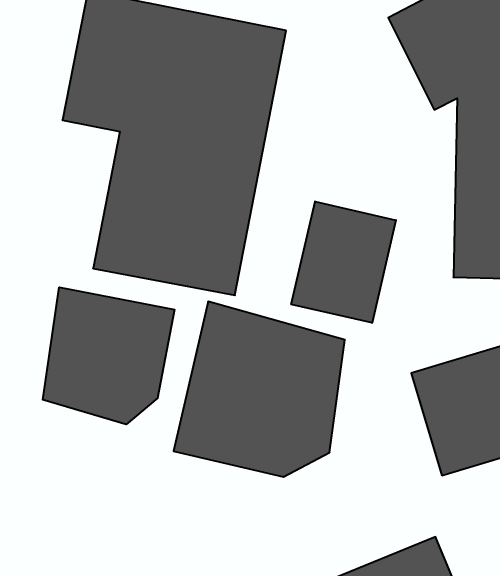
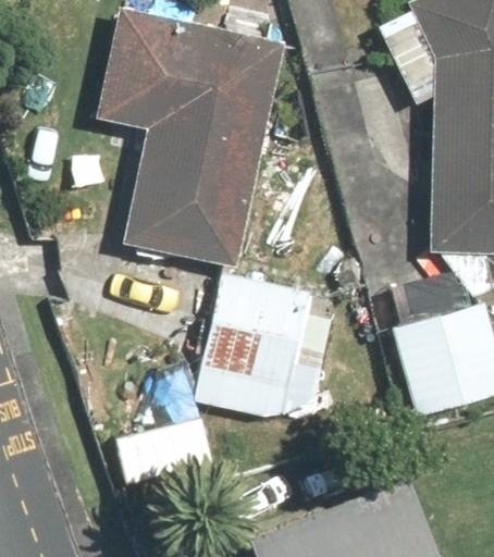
building: [291,201,396,323] -> none
building: [43,287,175,424] -> none

